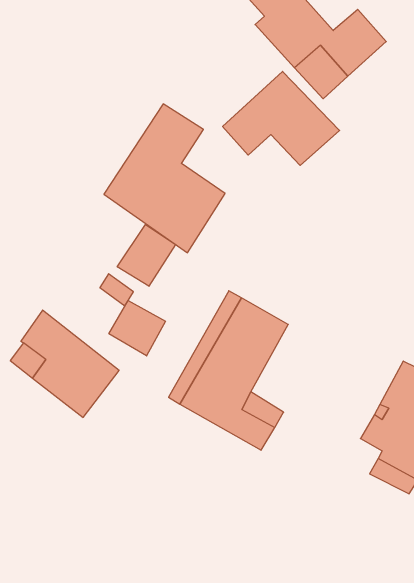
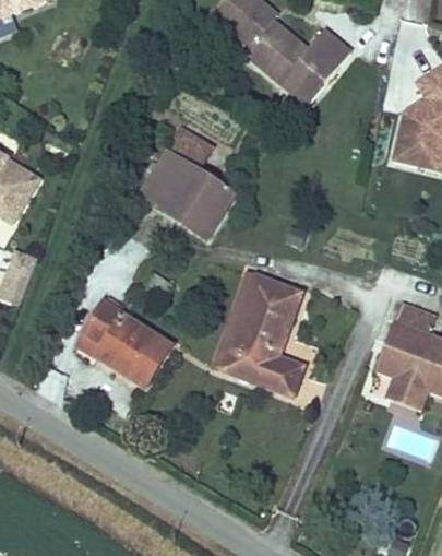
building: [223,71,340,165] -> none
building: [117,225,176,286] -> none
building: [109,300,165,356] -> none

